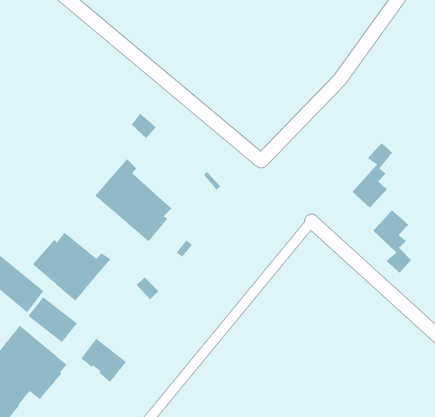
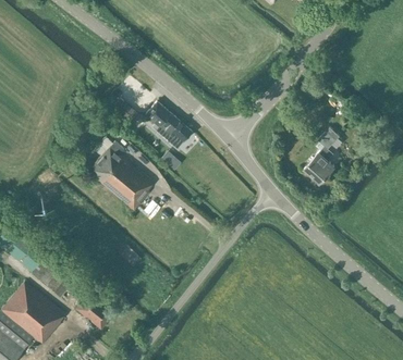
building: none -> [146,102,192,149]
building: [372,209,412,274] -> none
building: [32,232,111,301] -> none

